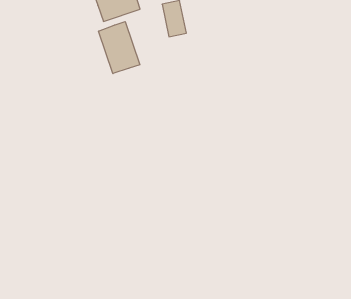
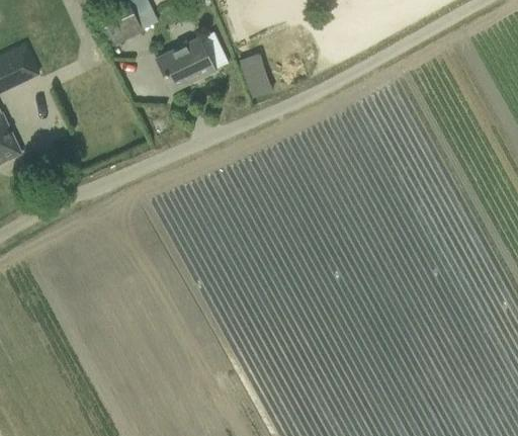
building: [99,22,140,74] -> none

